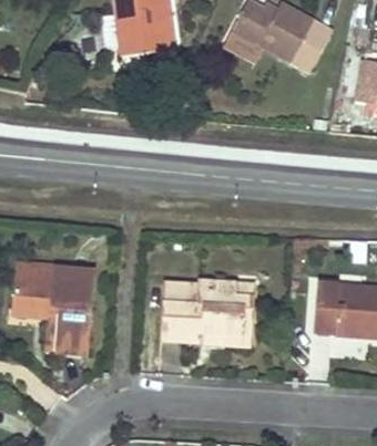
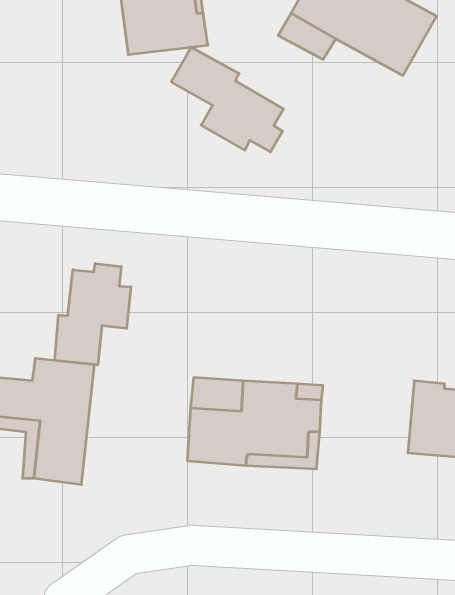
building: none -> [171,47,283,152]
building: none -> [55,263,131,365]

